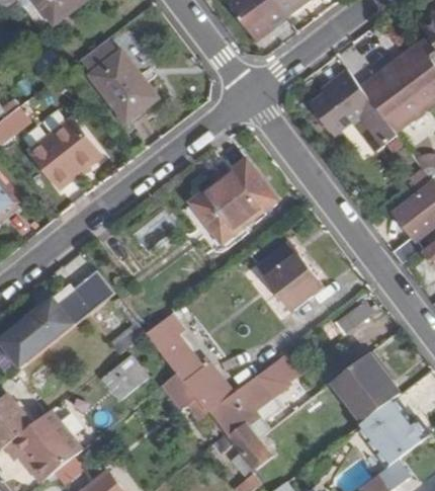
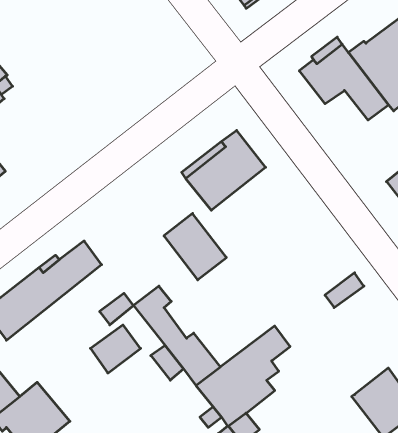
building: [80,39,160,121] -> none
building: [32,124,102,191] -> none
building: [260,243,322,309] -> [164,213,226,280]
building: [332,353,400,422] -> none

